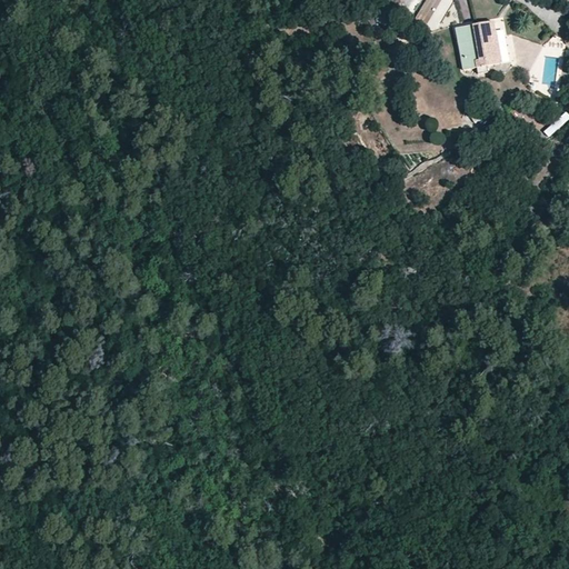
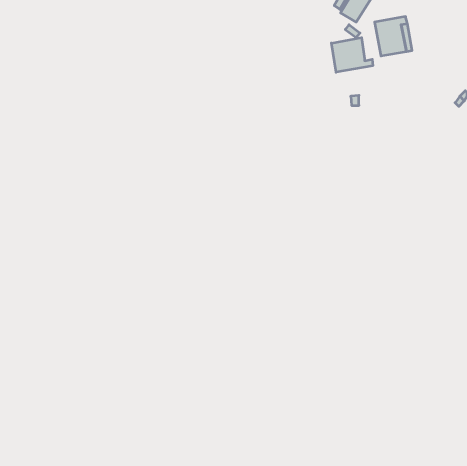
building: none -> [331,38,373,72]

